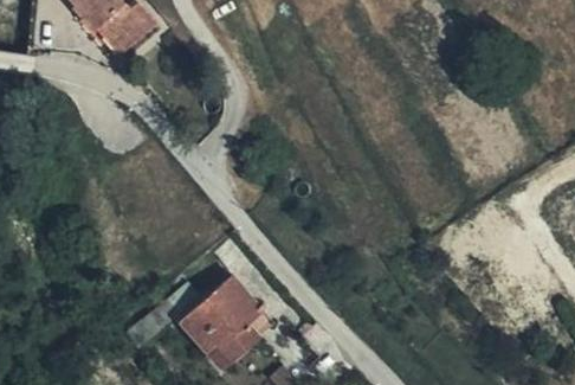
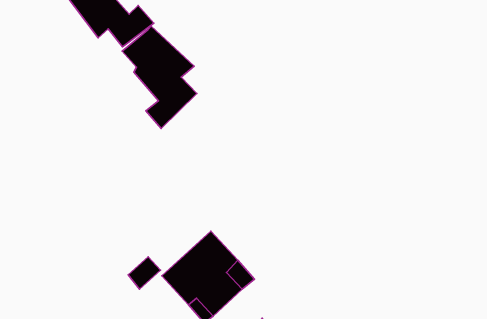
building: none -> [122,26,197,128]

